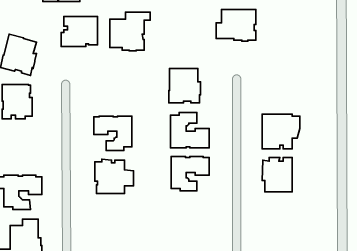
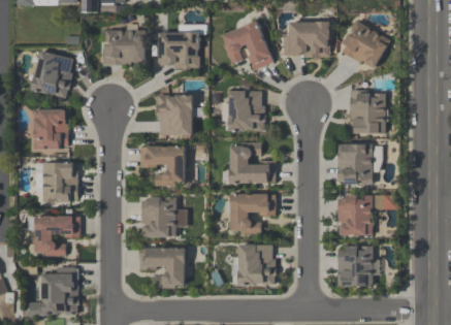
building: none -> [223,20,273,69]
building: none -> [342,20,390,68]
building: none -> [350,90,386,132]
building: none -> [156,94,193,134]
building: none -> [36,162,77,201]
building: none -> [239,243,277,284]
building: none -> [337,246,373,286]
building: none -> [139,247,186,288]

